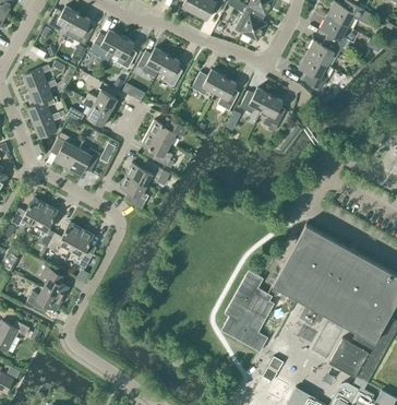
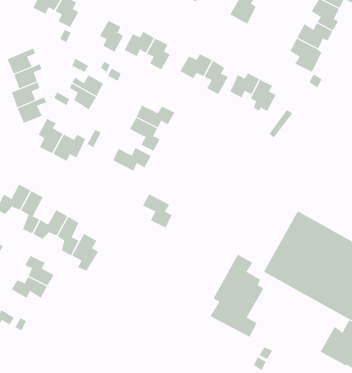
building: [91,29,121,56] -> none
building: [119,175,148,209] -> [142,194,172,228]
building: none -> [71,233,99,272]

